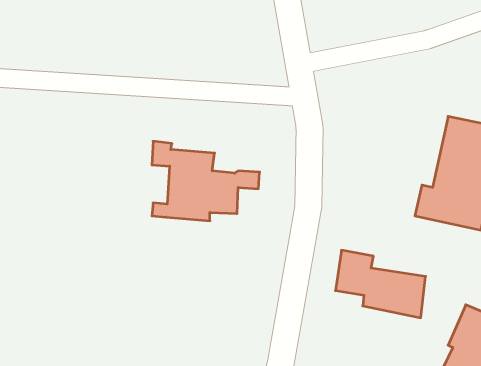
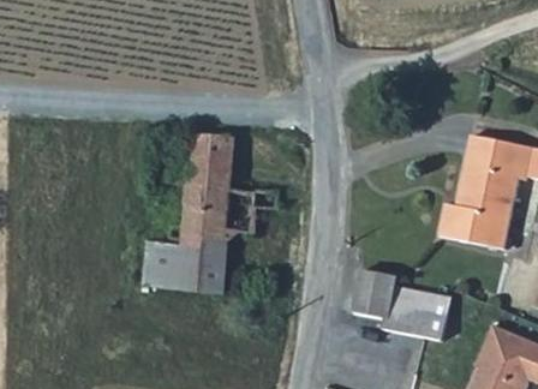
building: none -> [191,134,237,172]
building: none -> [148,237,231,291]

